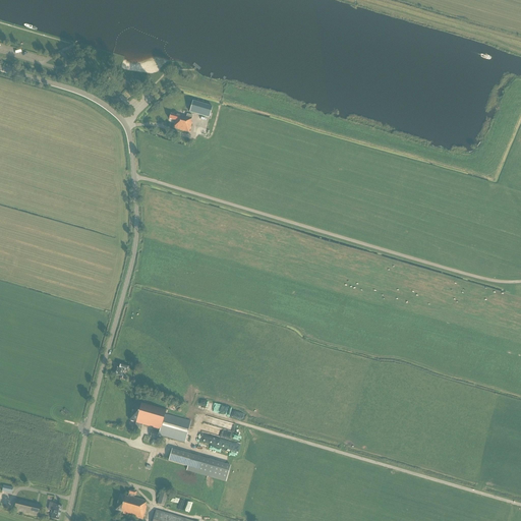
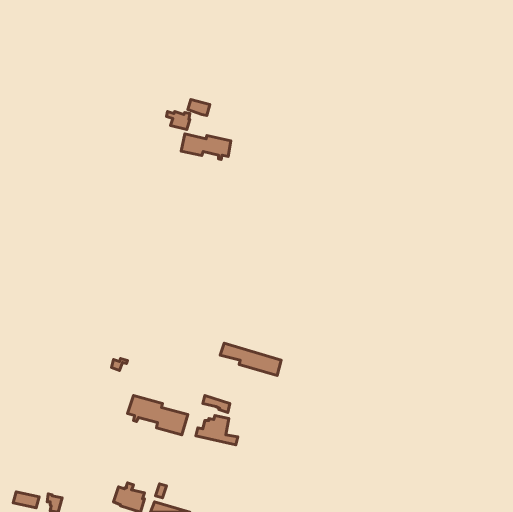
building: none -> [181,134,231,159]
building: [168,448,230,480] -> [220,343,281,375]

